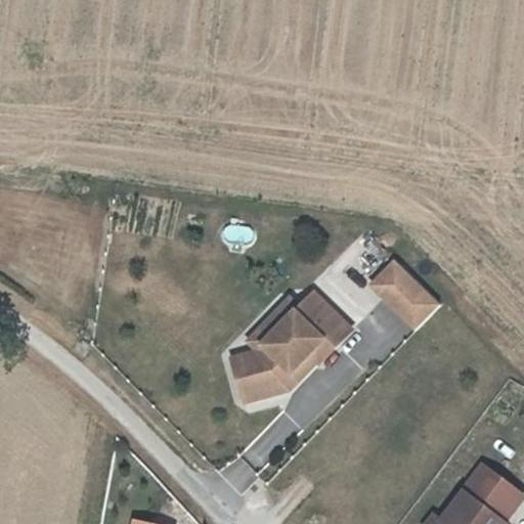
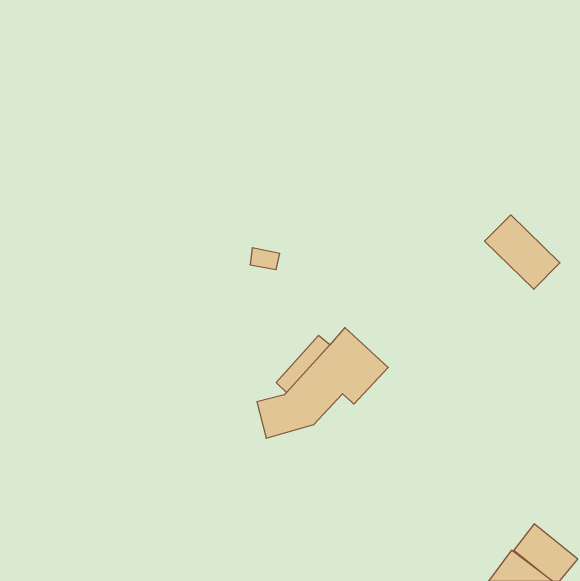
building: [372,261,439,328] -> [485,215,560,289]
building: [242,353,318,403] -> none

